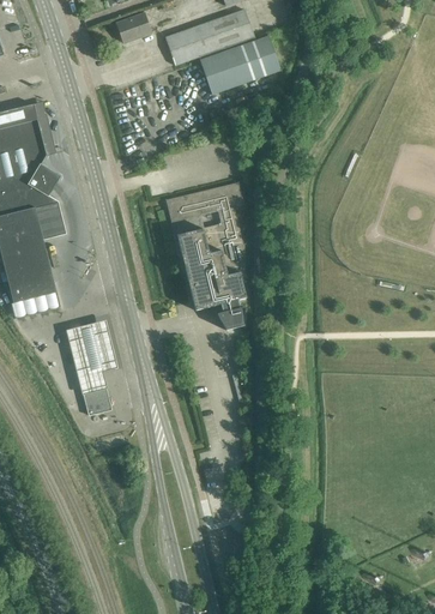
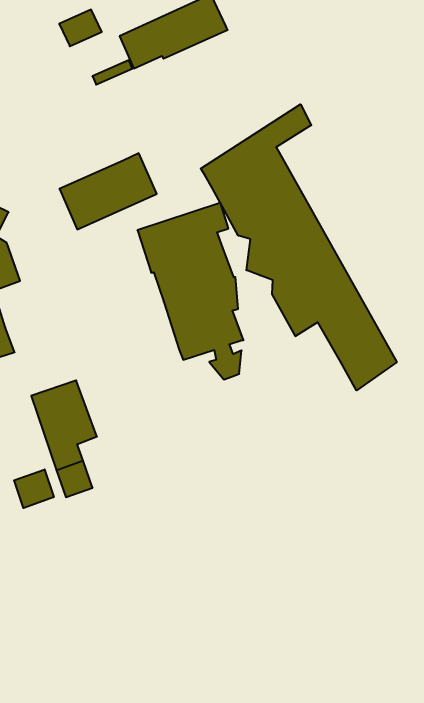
building: [199,36,279,95] -> [59,153,157,229]
building: none -> [201,104,397,390]
building: none -> [14,469,54,508]

